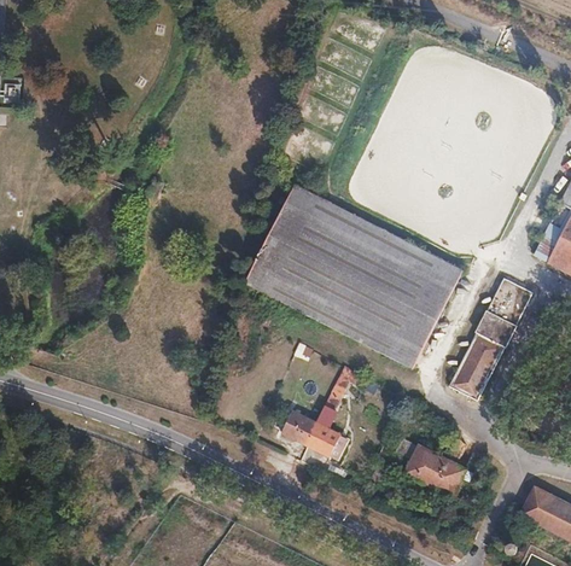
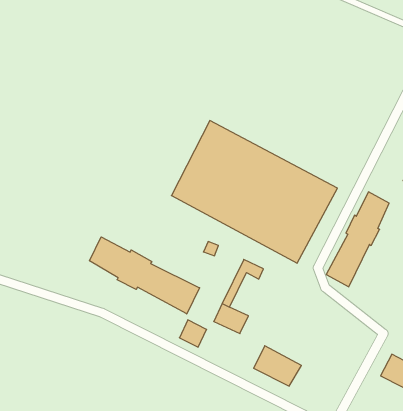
building: none -> [90,237,200,314]
building: [280,408,315,443] -> [179,320,207,347]
building: [404,443,466,495] -> [254,346,301,386]

